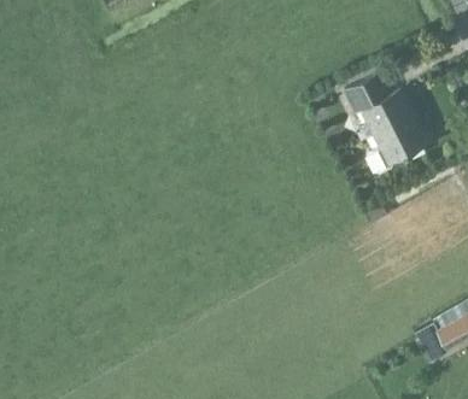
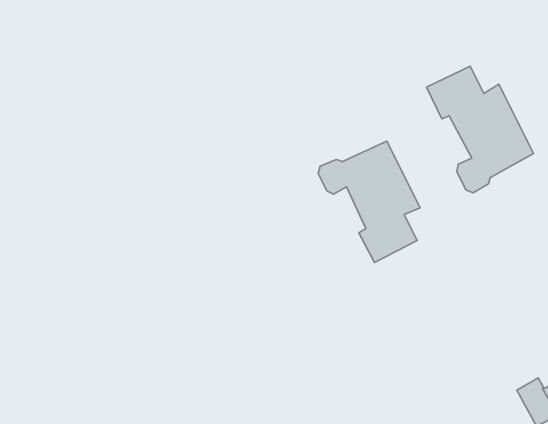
building: none -> [318,141,420,263]

